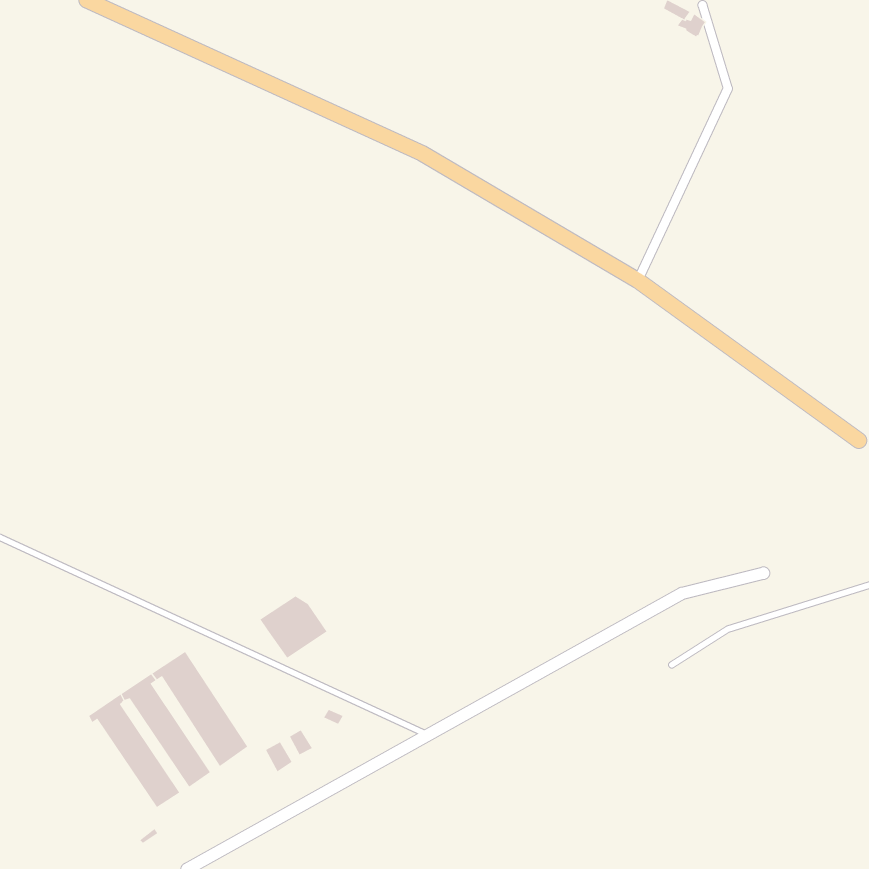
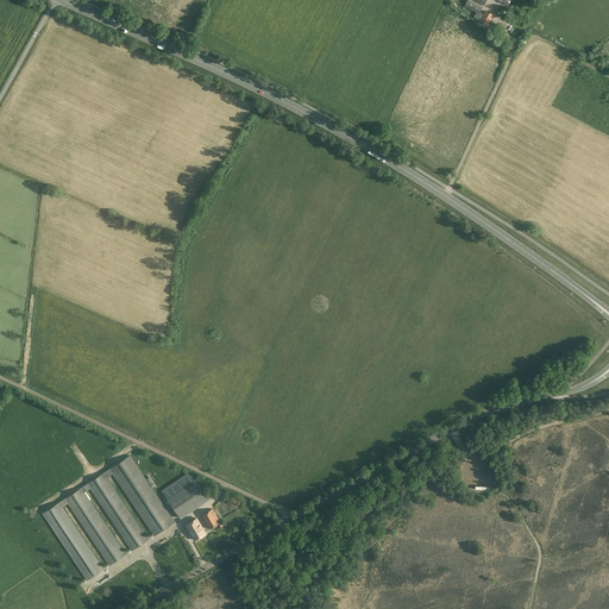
building: [260,596,328,659] -> [162,473,209,517]
building: none -> [43,501,103,580]

